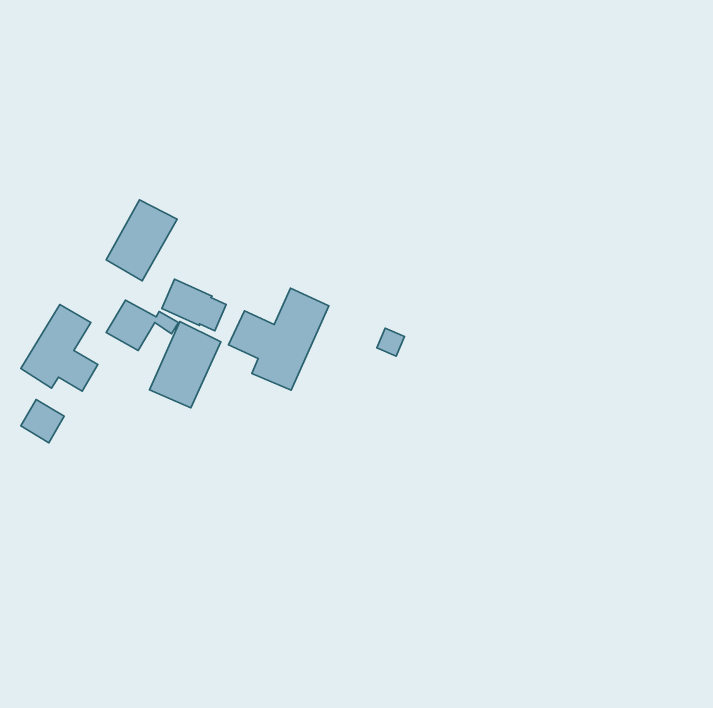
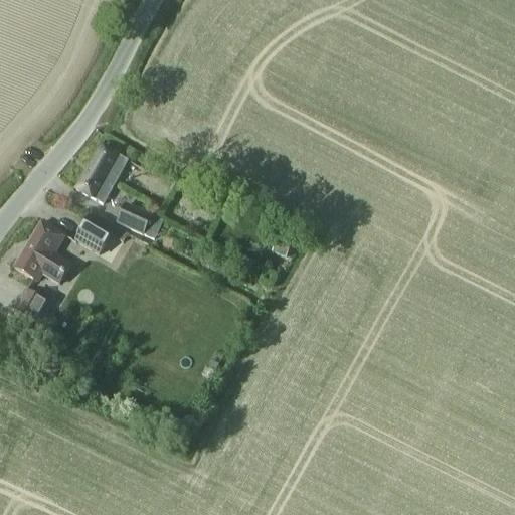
building: [229,288,329,390] -> none
building: [150,322,221,408] -> none

